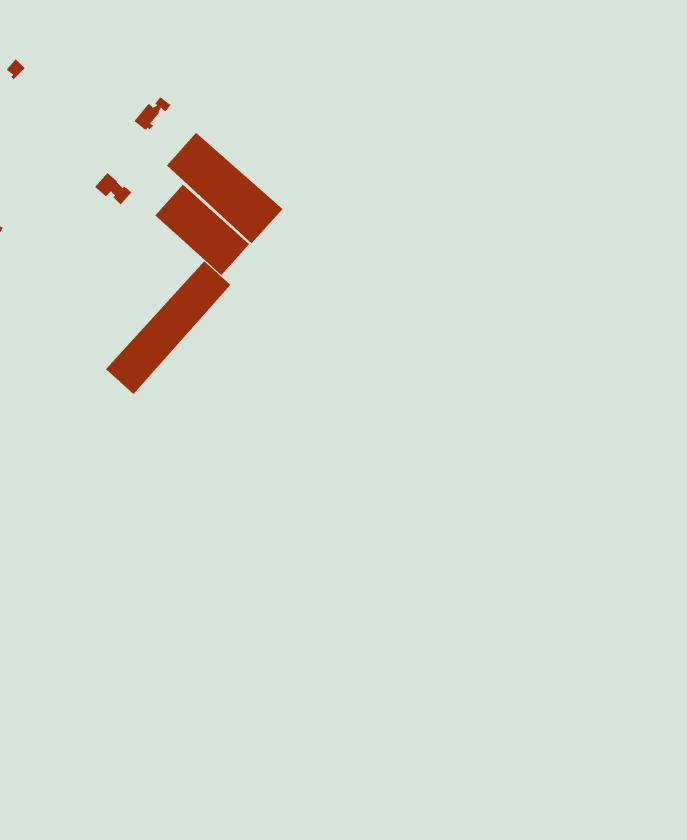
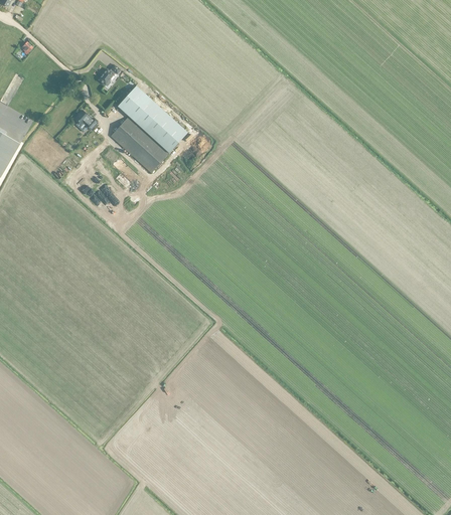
building: [105,261,231,395] -> none

